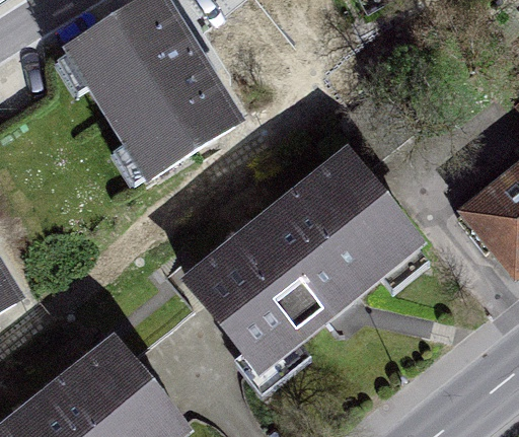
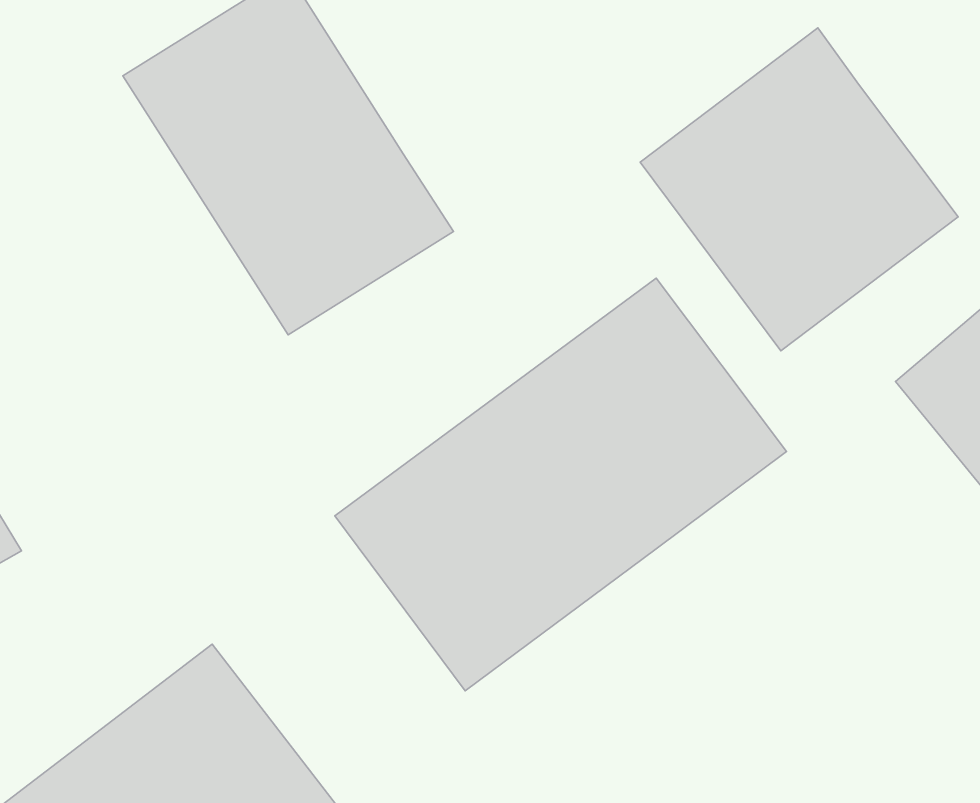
building: none -> [640,28,958,351]

